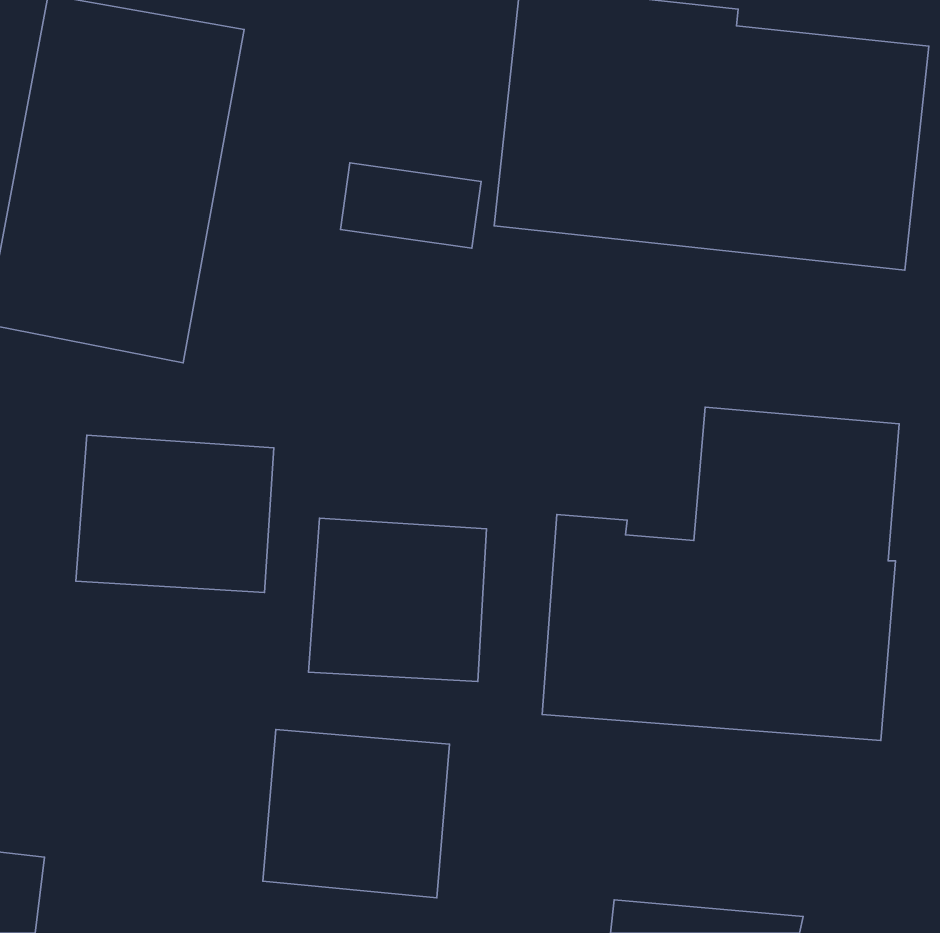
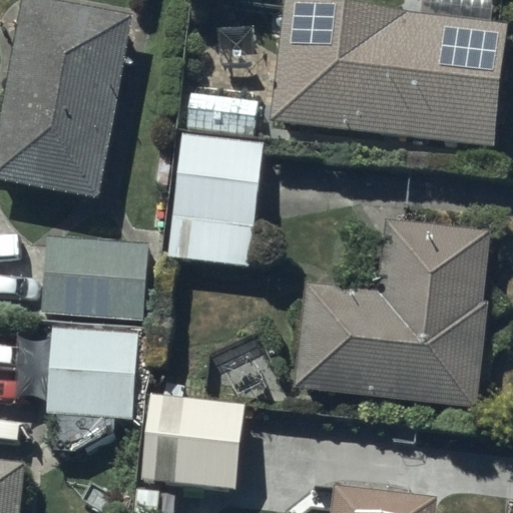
building: none -> [166,134,261,265]
building: [308,518,486,682] -> none
building: none -> [45,328,136,416]

